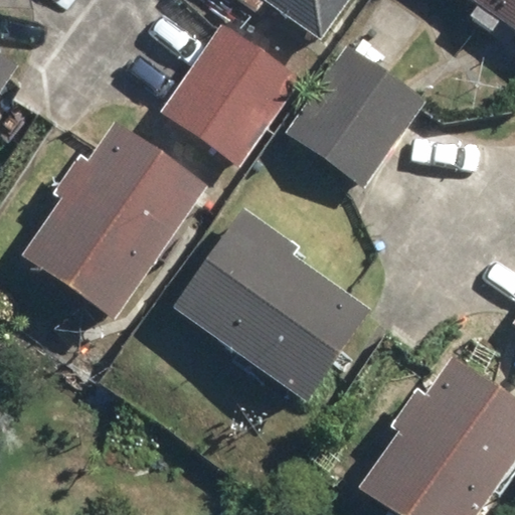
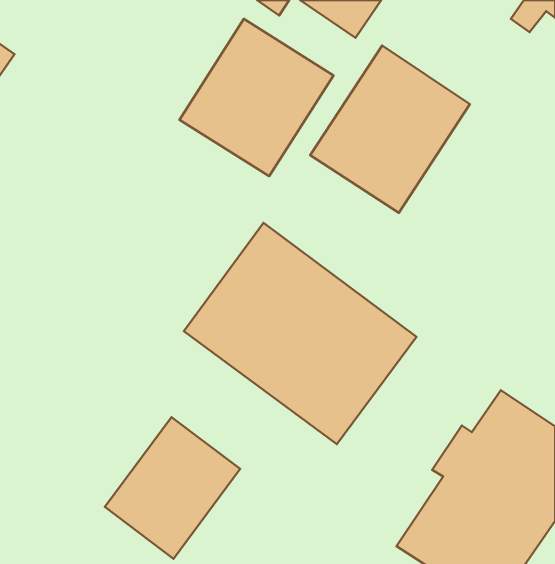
building: [23,122,205,317] -> none
building: none -> [105,417,240,559]

